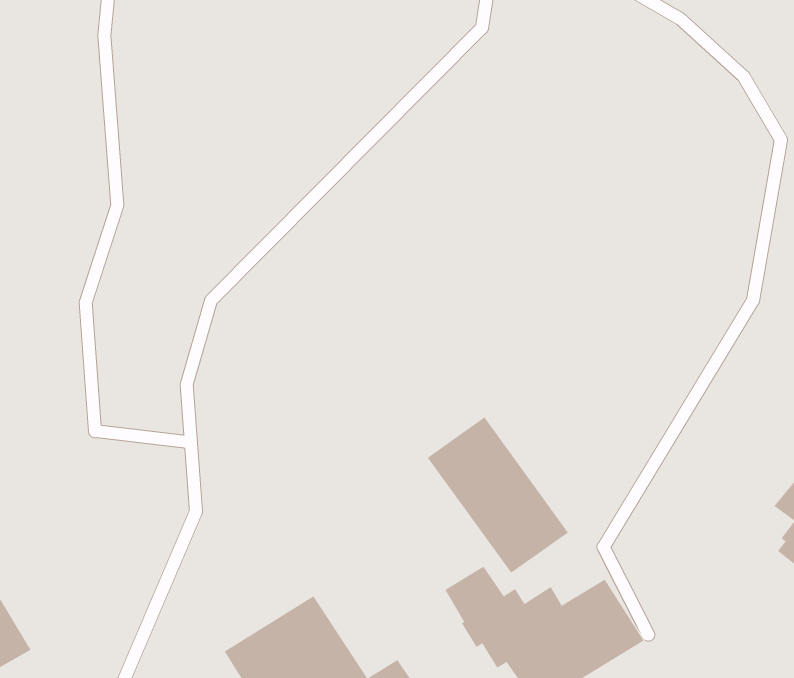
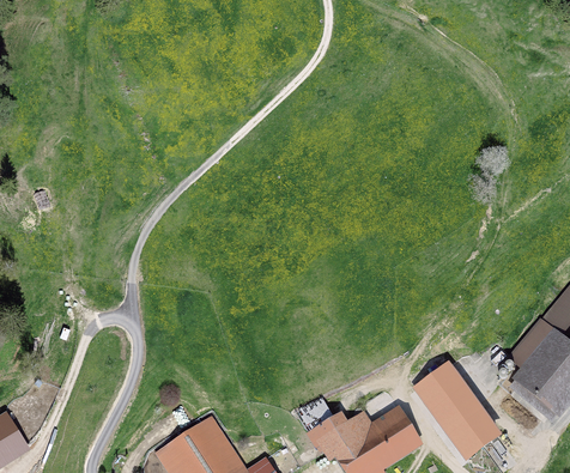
building: [427,417,569,573] -> [412,362,503,462]

